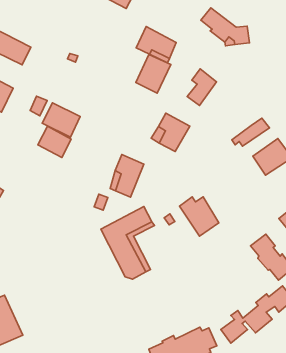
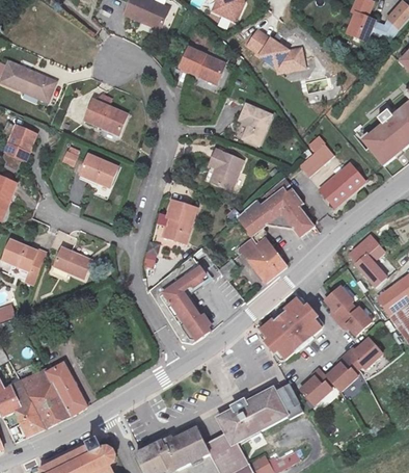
building: [136,54,171,93] -> none
building: none -> [86,100,130,137]
building: none -> [237,179,317,246]
building: none -> [52,243,91,275]
building: none -> [261,294,322,354]
building: none -> [49,359,89,411]

